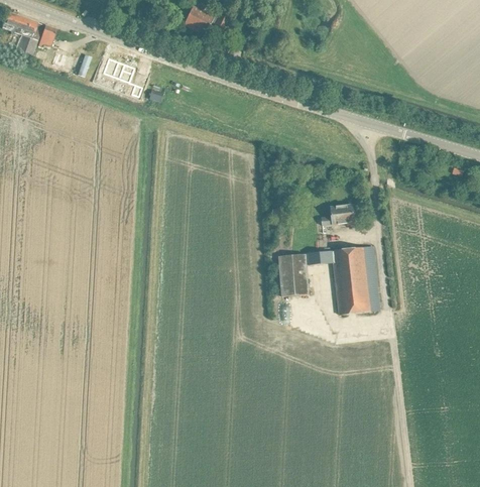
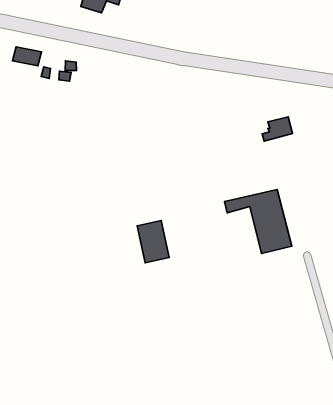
building: [323,204,355,226] -> [262,117,292,141]
building: [278,254,308,296] -> [137,221,169,263]

